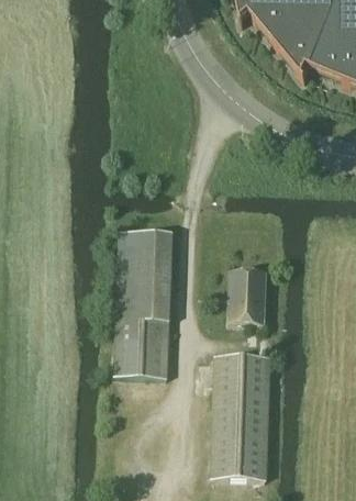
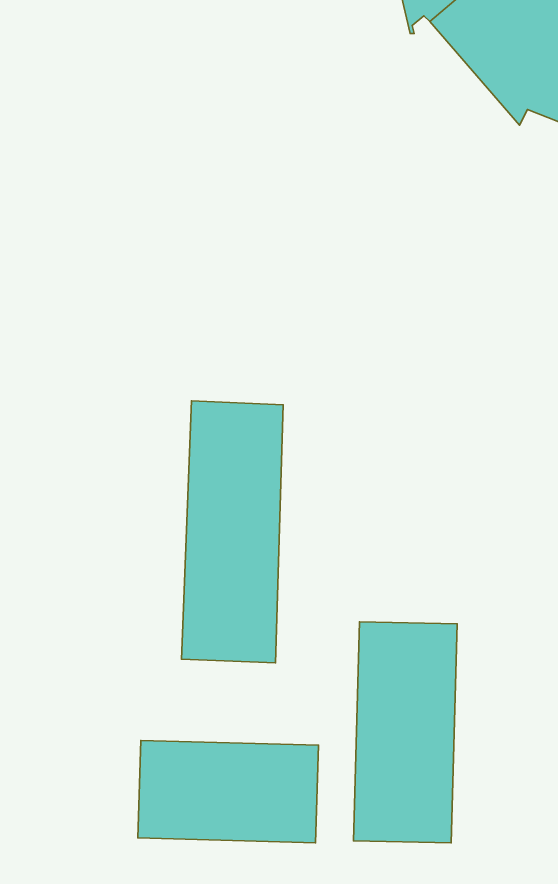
building: [229,269,266,321] -> none
building: none -> [138,741,319,843]

